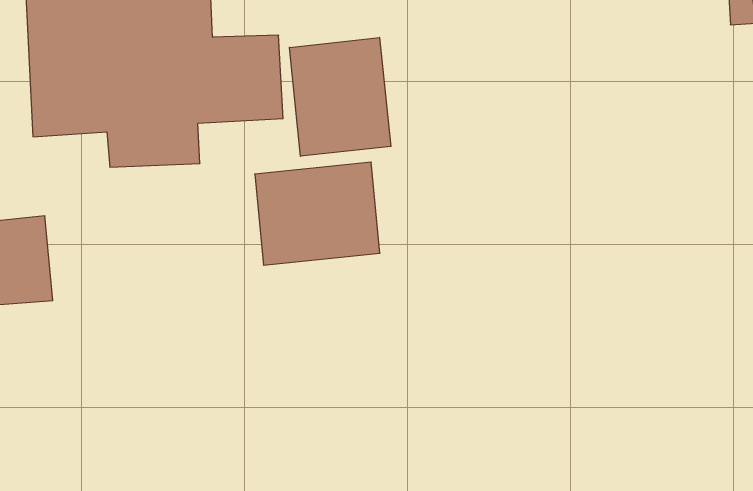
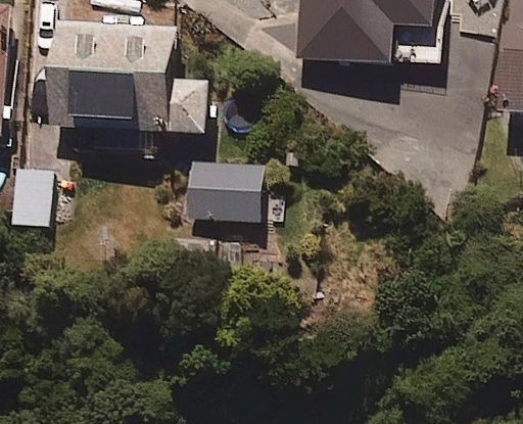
building: [289,37,391,156] -> none

